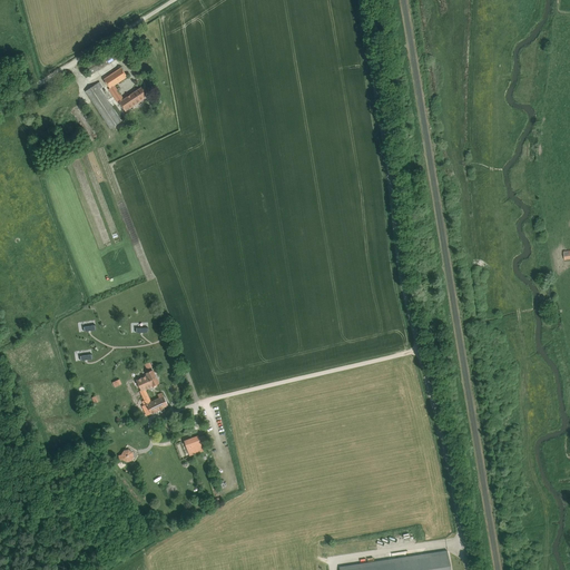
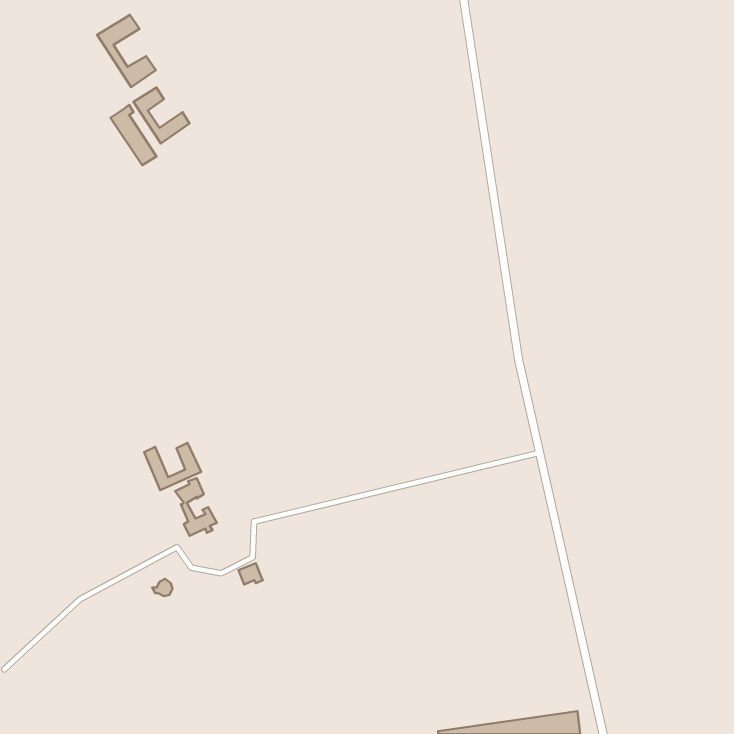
building: none -> [97,15,156,87]
building: none -> [144,443,201,490]

